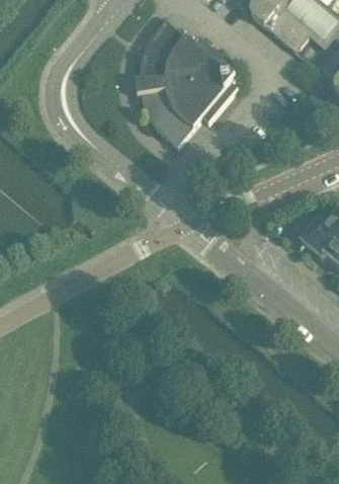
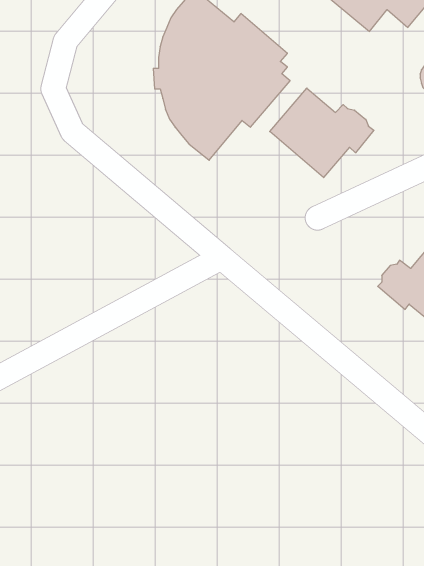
building: none -> [270,88,374,178]

